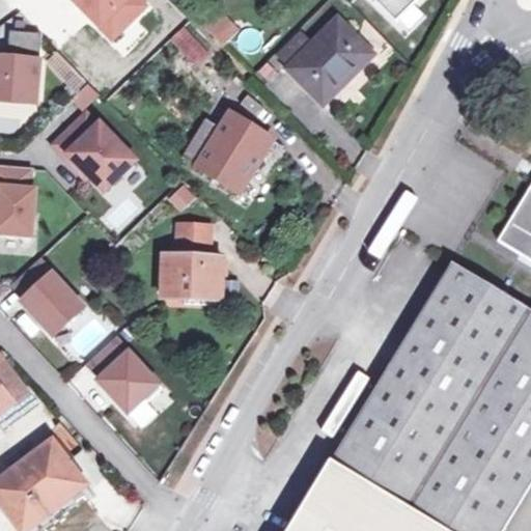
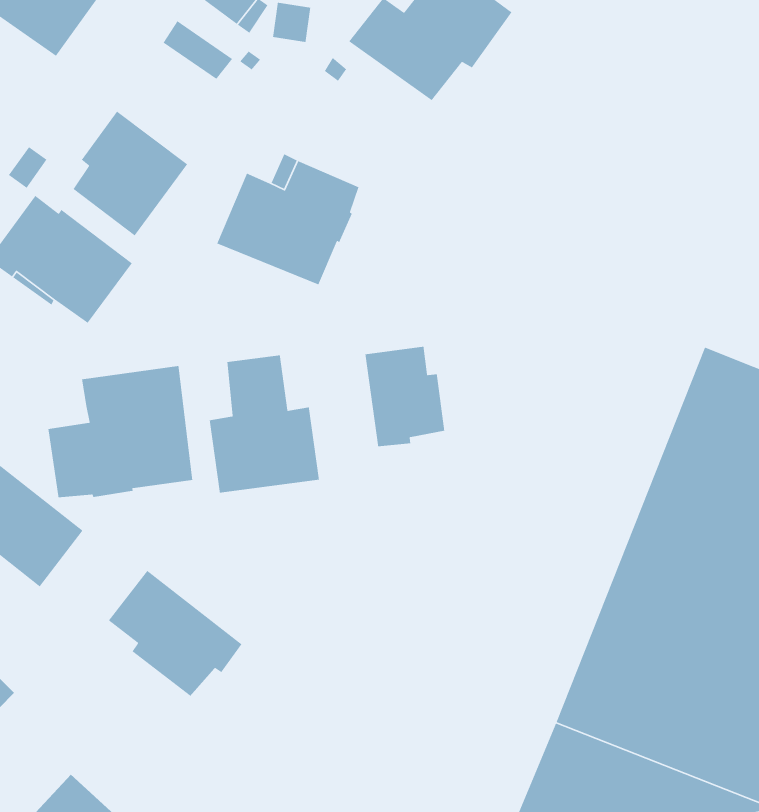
building: none -> [73,111,188,236]
building: none -> [48,365,193,498]
building: none -> [364,346,445,447]

